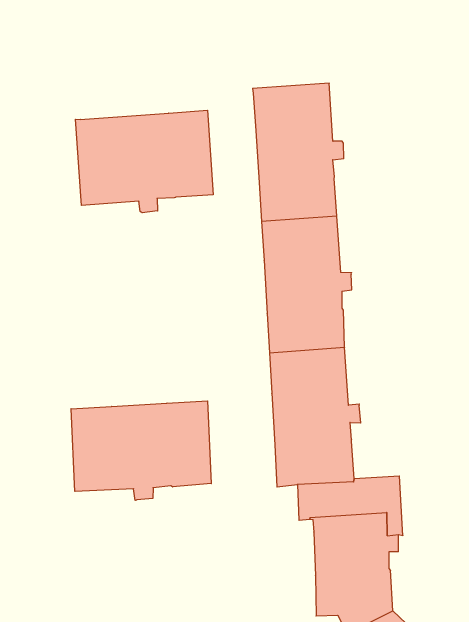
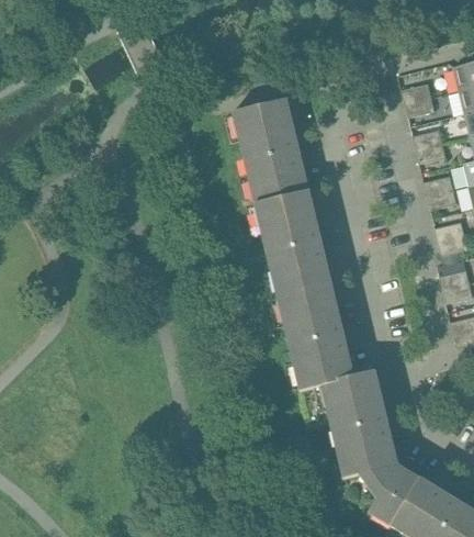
building: [75,110,213,213] -> none
building: [71,401,211,500] -> none

